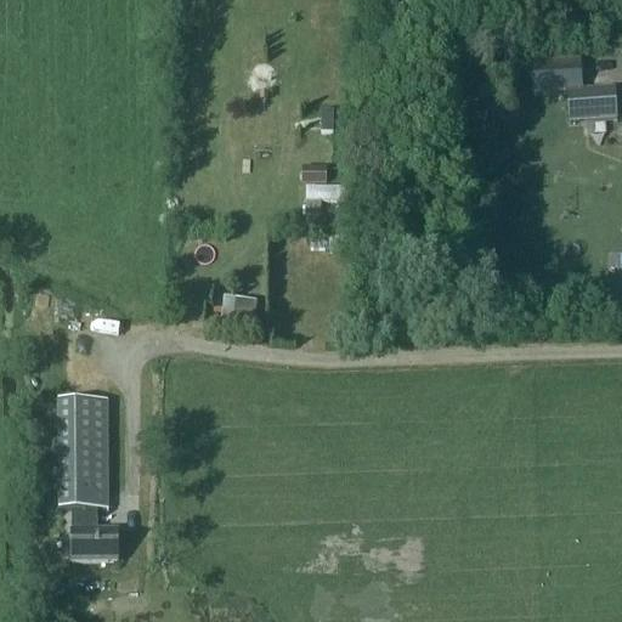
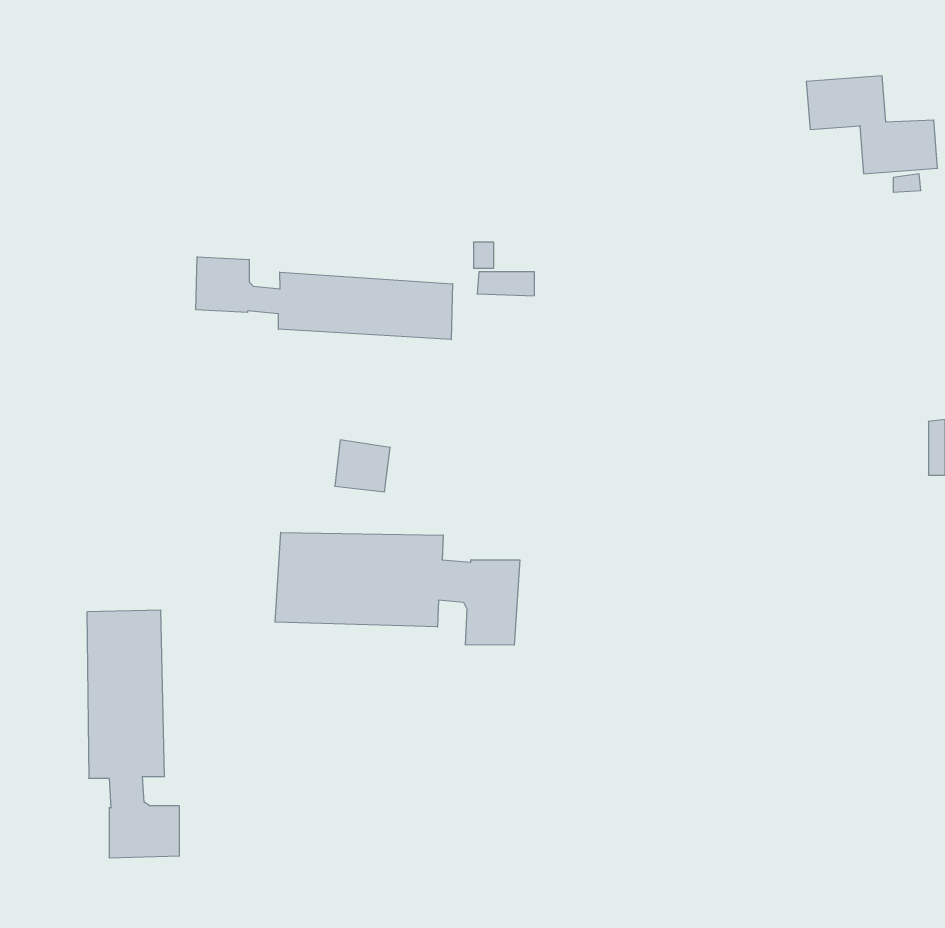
building: none -> [196,257,453,340]
building: none -> [275,532,520,645]

